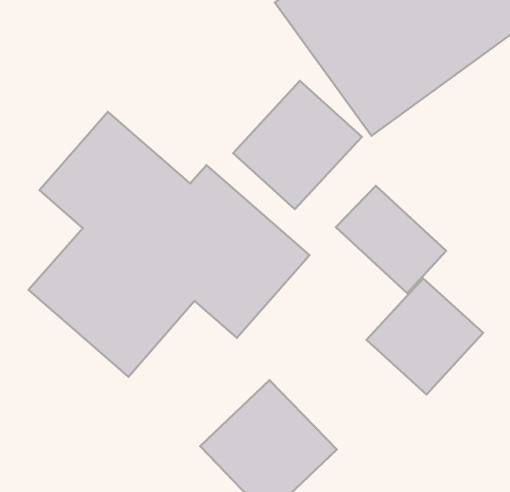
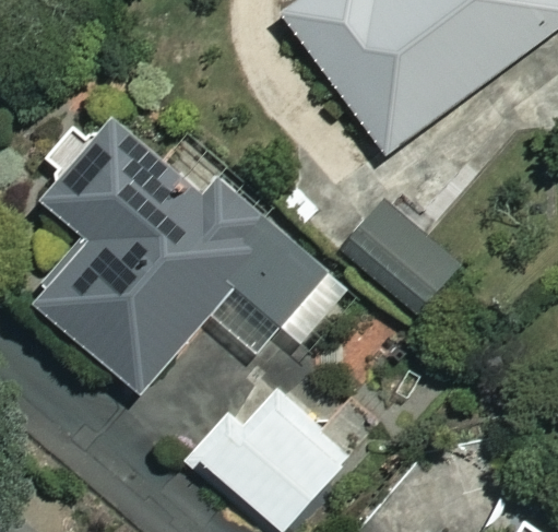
building: [233,81,362,209] -> none
building: [366,279,483,394] -> none

